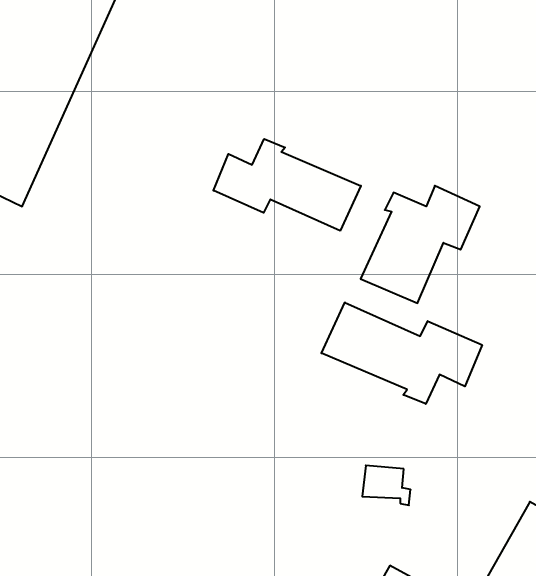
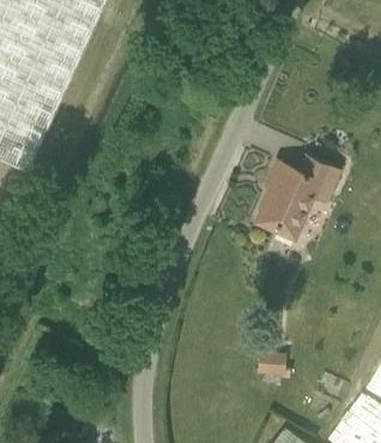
building: [213,139,361,231] -> none
building: [321,302,482,404] -> none

